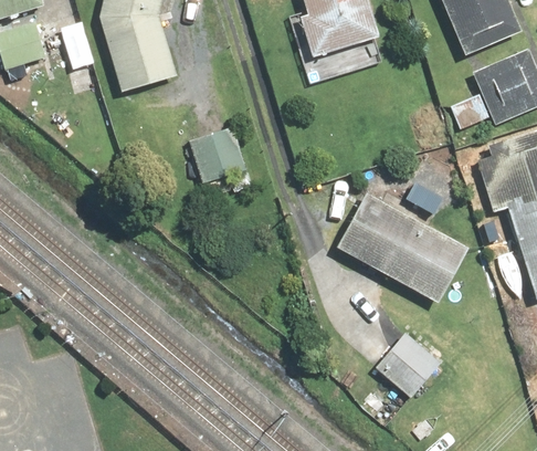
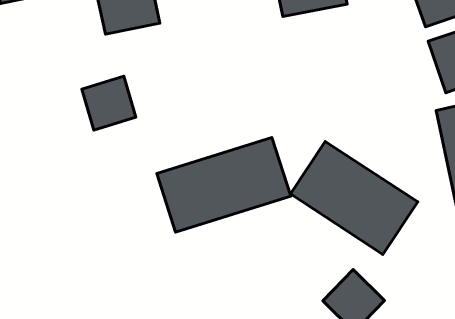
building: [187,127,248,188] -> [82,76,136,130]
building: none -> [157,137,291,232]

